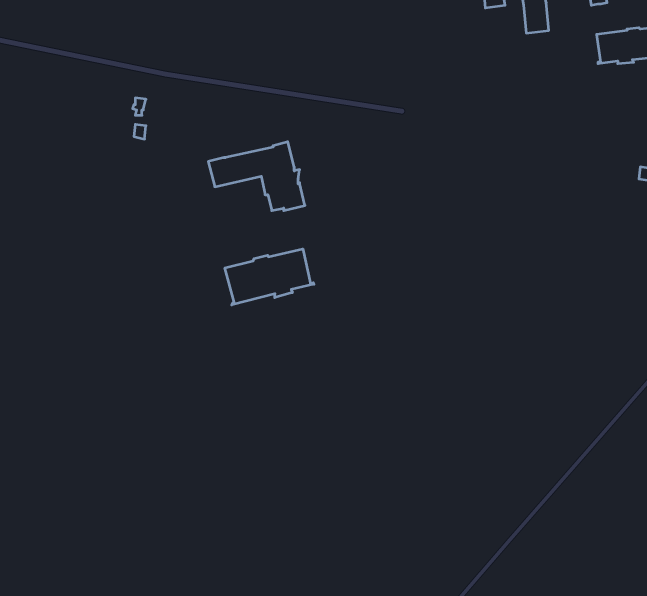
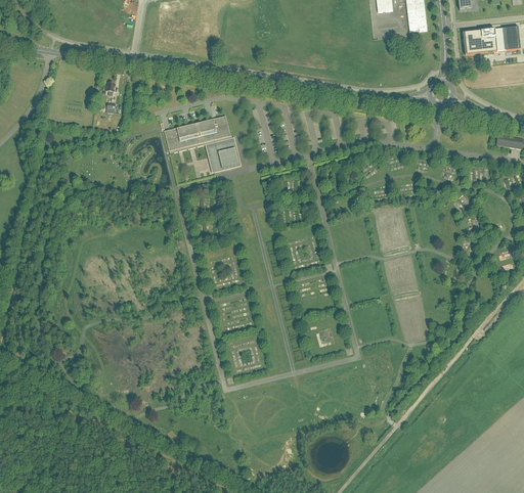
building: [225,249,314,305] -> none

